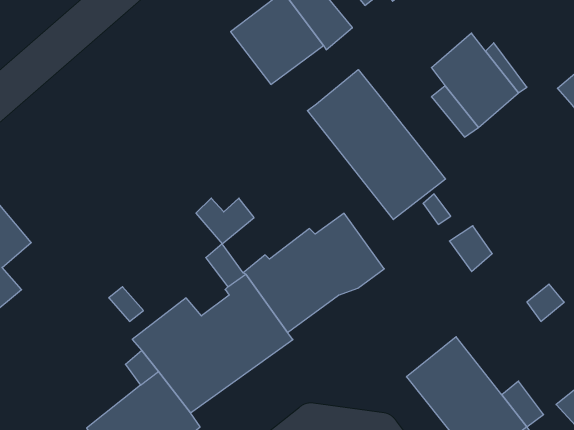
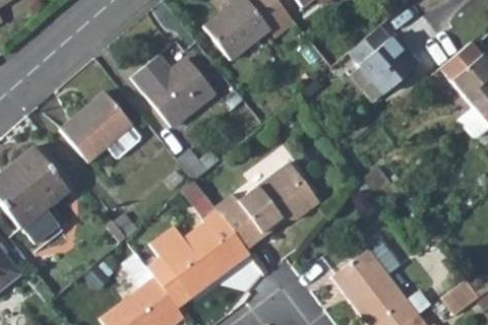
building: none -> [129,54,213,127]
building: [307,70,446,220] -> none
building: none -> [60,93,137,159]

